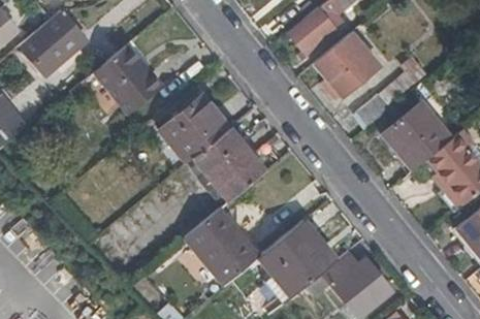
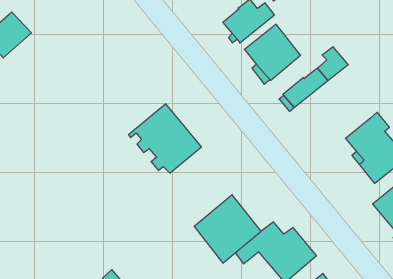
building: [93,45,153,105] -> none
building: [162,94,227,156] -> none
building: [385,101,453,169] -> none
building: [182,209,258,287] -> none

